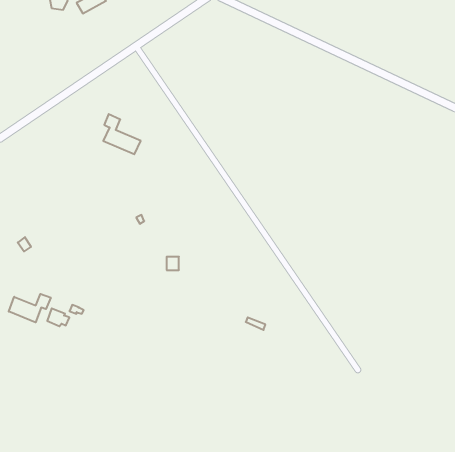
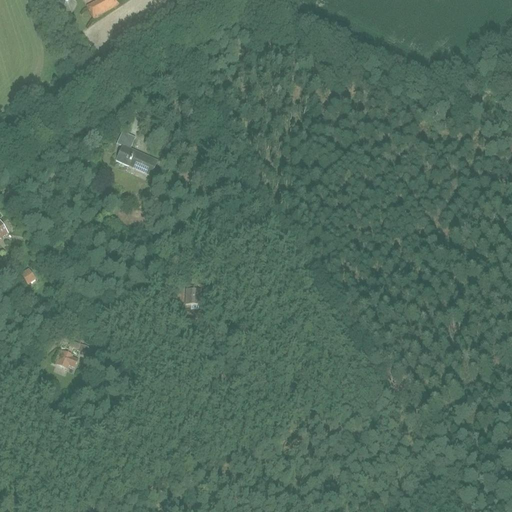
building: [9,294,51,322] -> none

